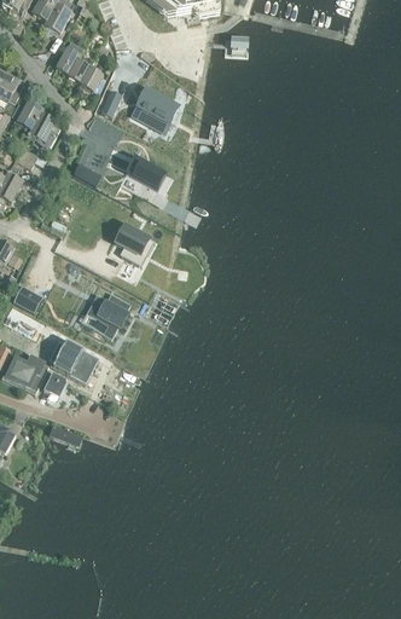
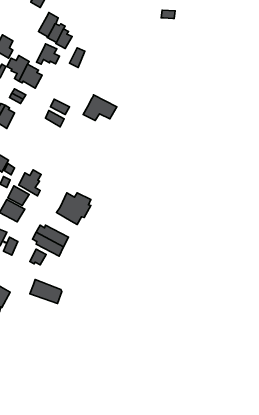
building: none -> [36,44,60,64]
building: [132,88,178,132] -> none
building: [115,225,153,264] -> none
building: none -> [19,170,41,196]
building: [18,357,48,394] -> none

